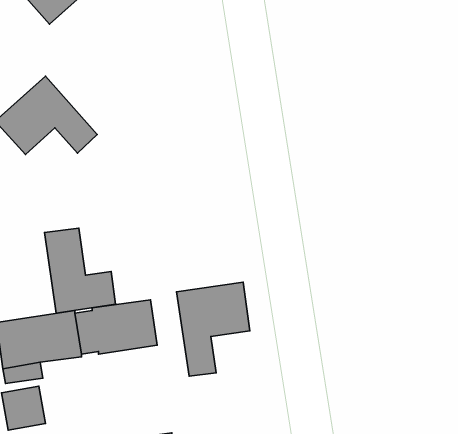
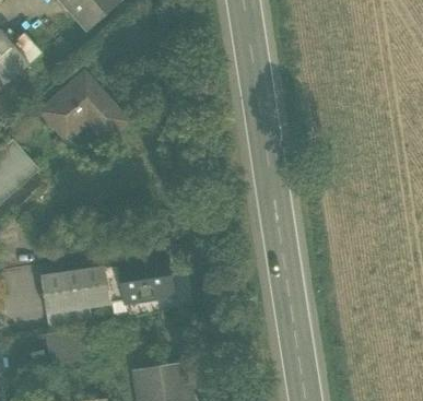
building: [44,228,116,313] -> none
building: [177,282,250,376] -> none

